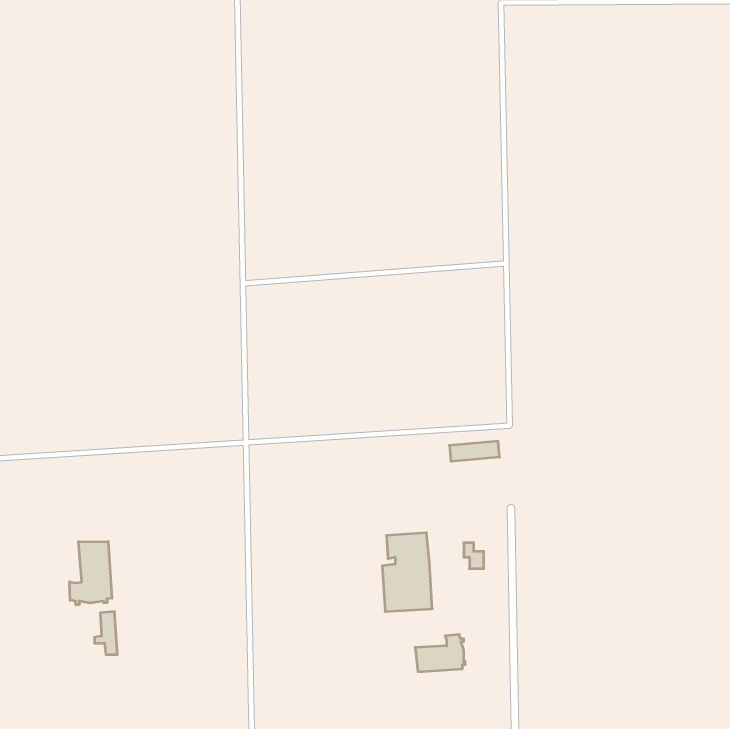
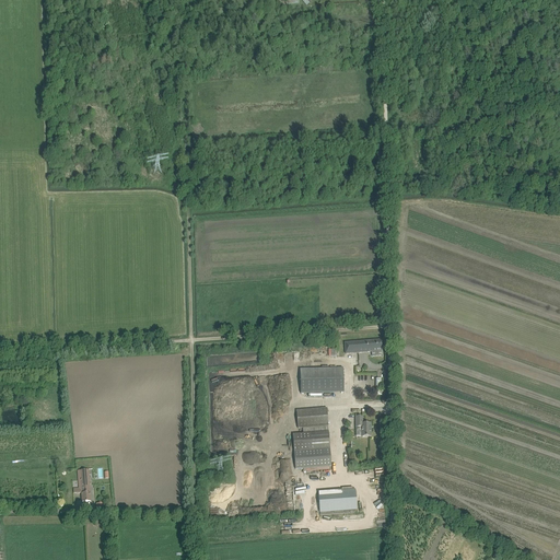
building: none -> [299,365,343,392]
building: [70,541,112,605] -> none

